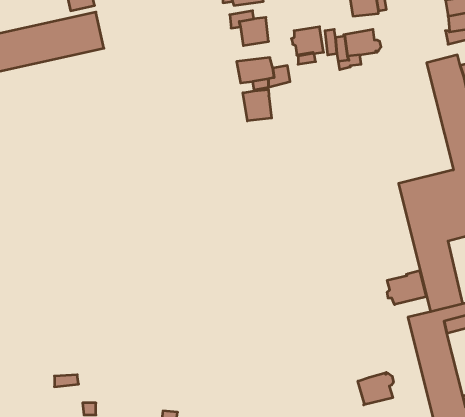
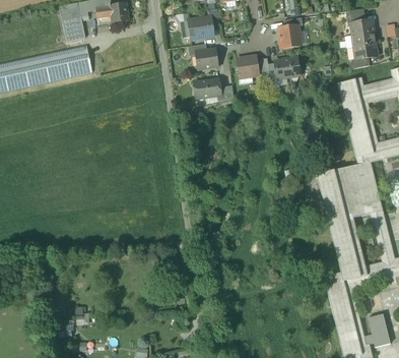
building: [243,89,272,121] -> none
building: [387,271,426,305] -> none
building: [358,372,393,405] -> none

